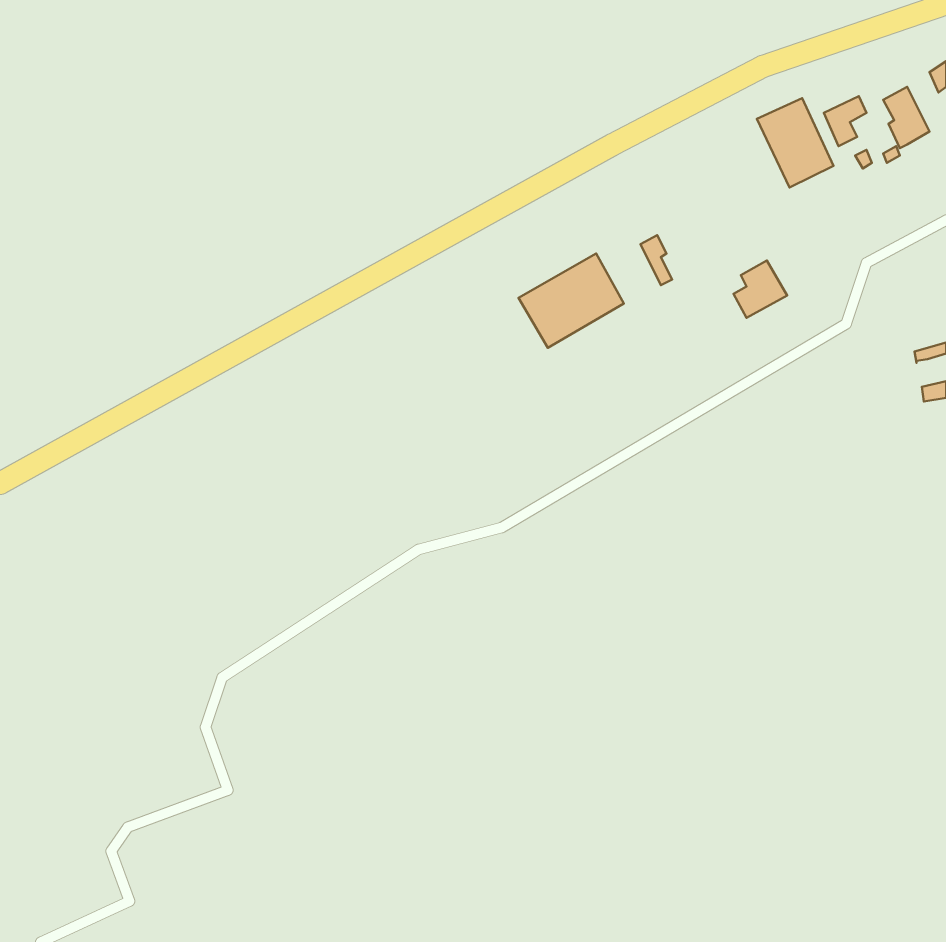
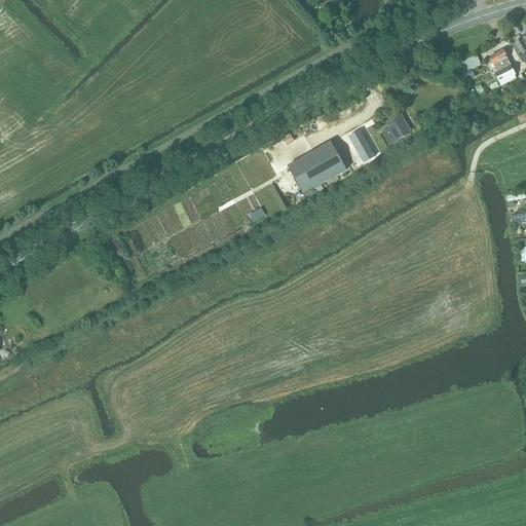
building: [757,98,834,187] -> none
building: [733,260,787,318] -> [382,112,412,144]

